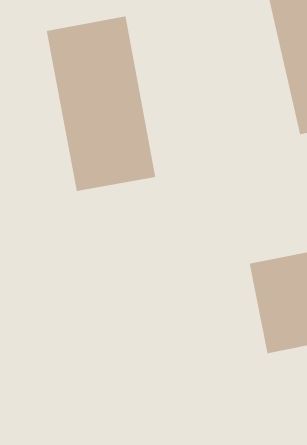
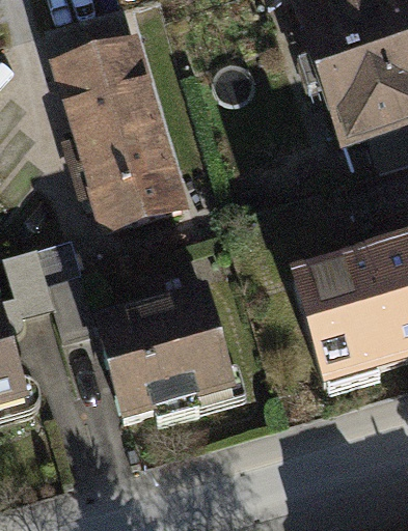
building: none -> [94,294,239,430]

